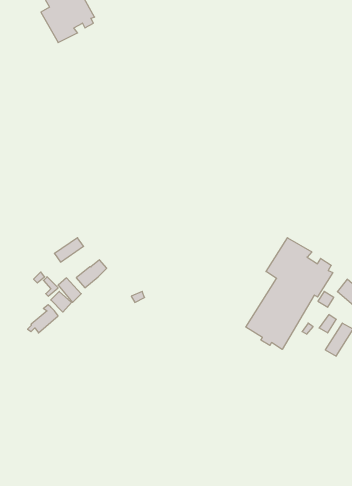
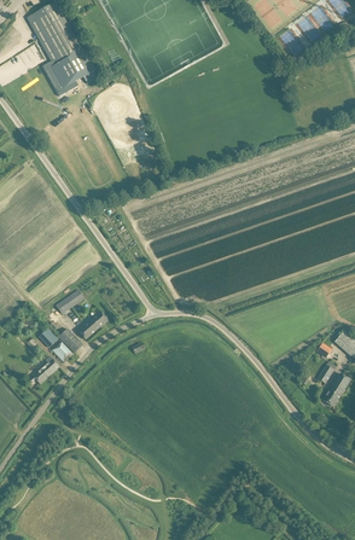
building: [246,238,333,349] -> none

